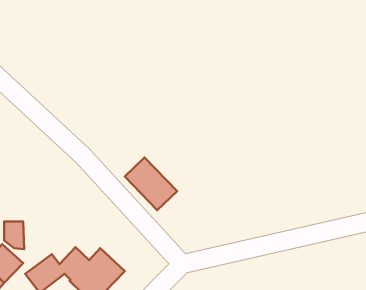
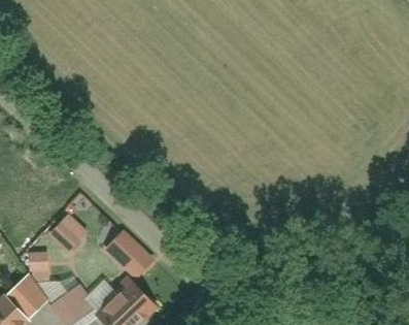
building: [125,158,177,210] -> [104,229,159,284]
building: none -> [48,219,84,254]

